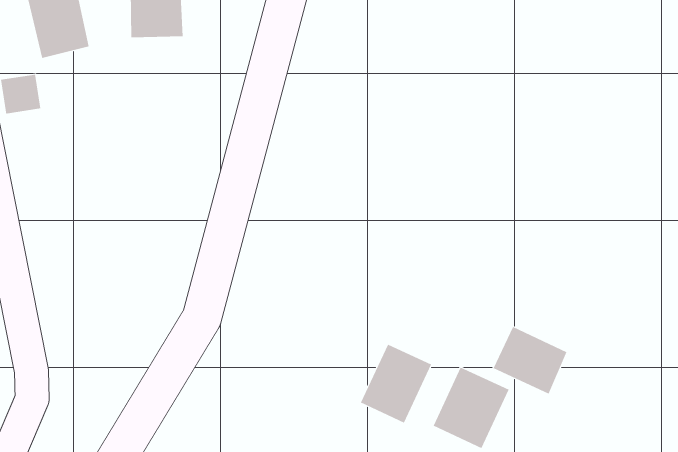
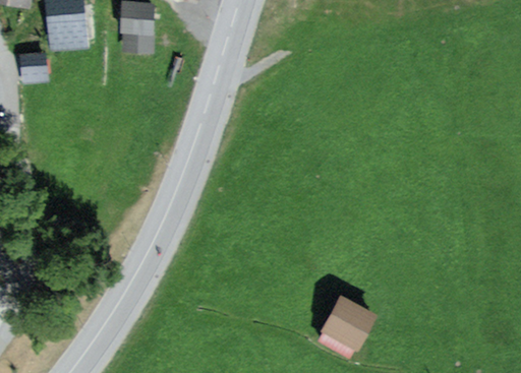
building: [493,326,567,395] -> none
building: [360,344,432,424] -> none

